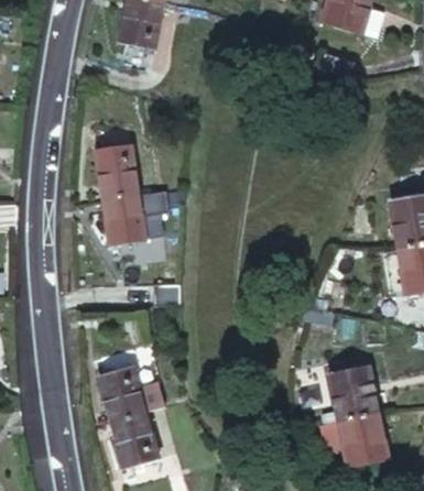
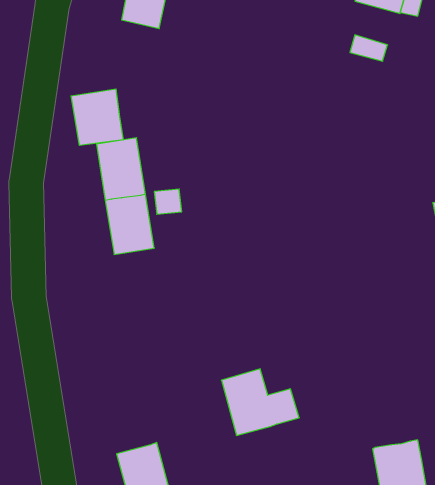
building: none -> [71,89,123,145]
building: [99,363,167,422] -> [221,369,299,435]
building: [328,363,377,417] -> none

